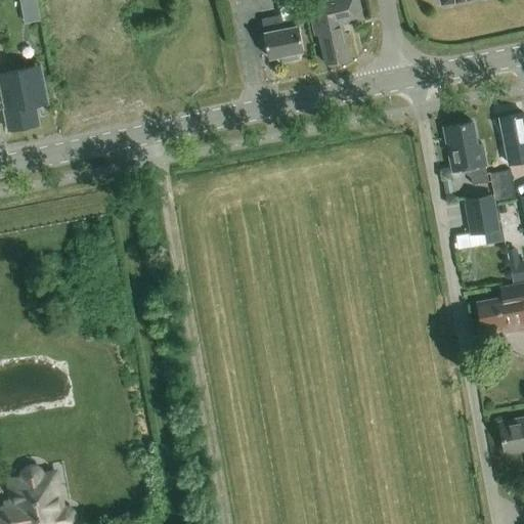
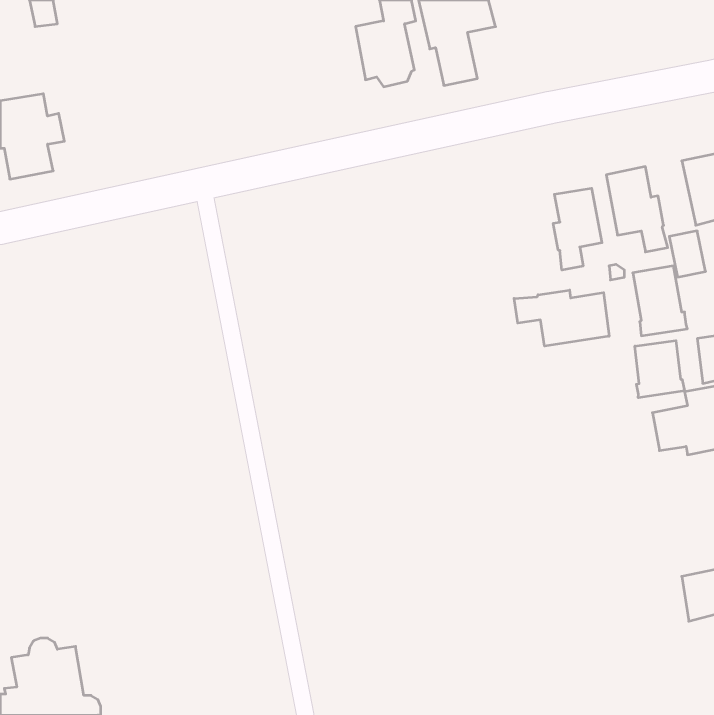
building: none -> [553,188,602,270]
building: none -> [514,290,609,346]
building: none -> [635,341,685,398]

